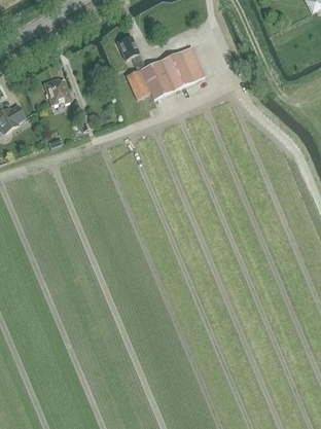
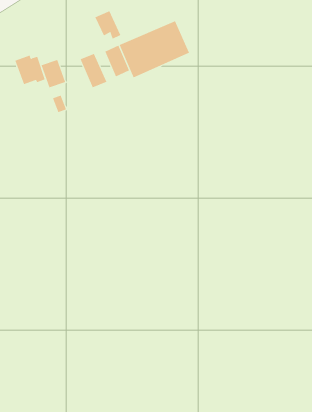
building: none -> [80,53,107,88]
building: none -> [41,59,66,88]

